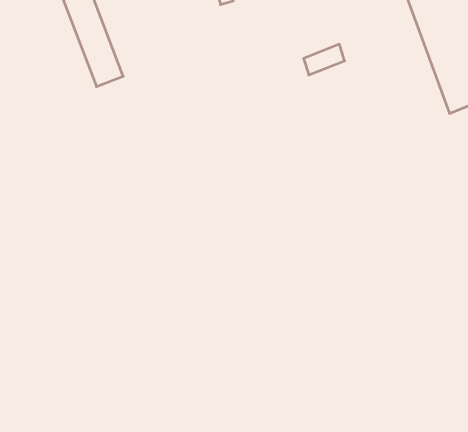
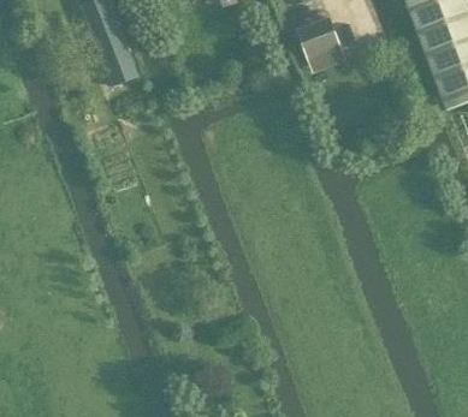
building: none -> [295,14,340,58]

